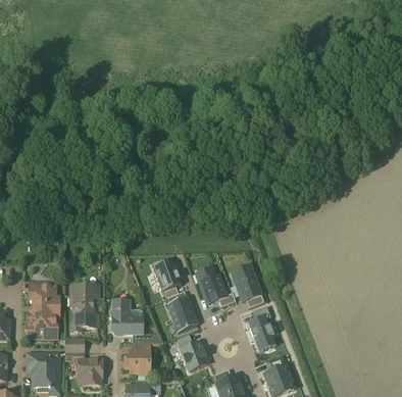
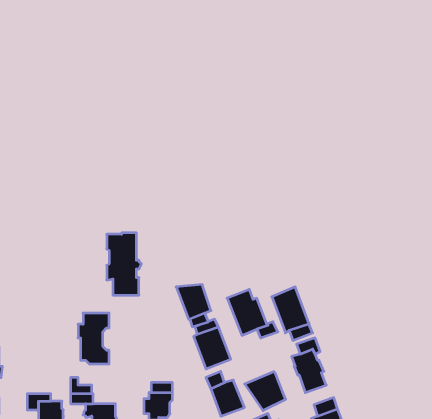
building: [31,287,59,338] -> [107,233,141,295]
building: [110,301,143,334] -> none
building: none -> [245,372,286,411]

